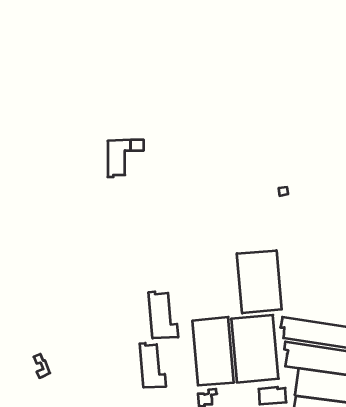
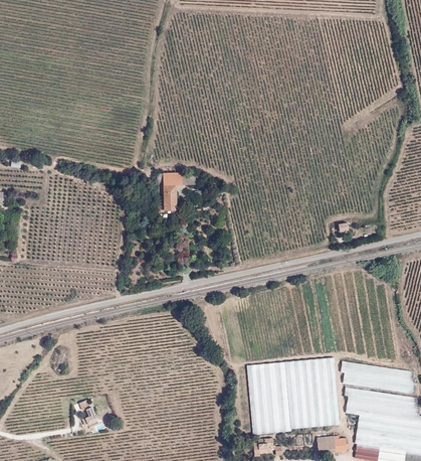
building: [237,250,282,313] -> none
building: [149,292,178,338] -> none
building: [140,343,166,387] -> none

